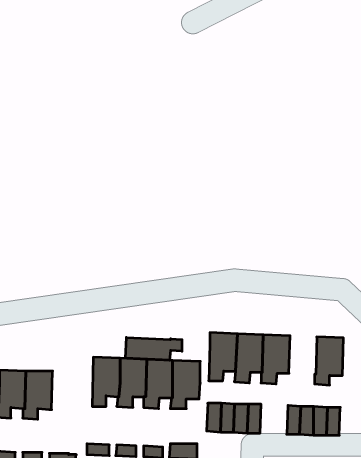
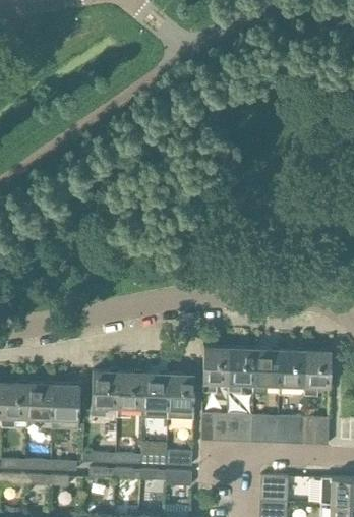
building: none -> [279,349,306,395]
building: [125,337,182,360] -> none
building: none -> [52,383,80,429]
building: none -> [252,414,279,443]

